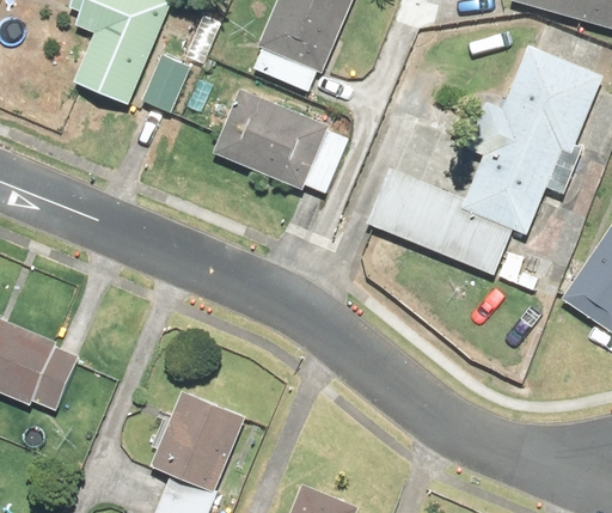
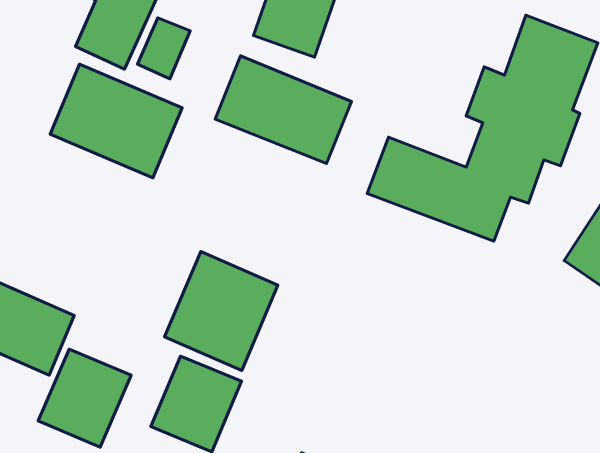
building: none -> [50,64,182,178]
building: none -> [165,252,278,371]
building: none -> [38,349,131,447]

